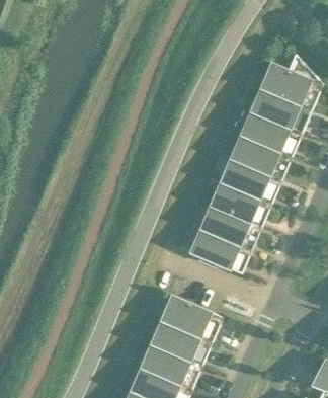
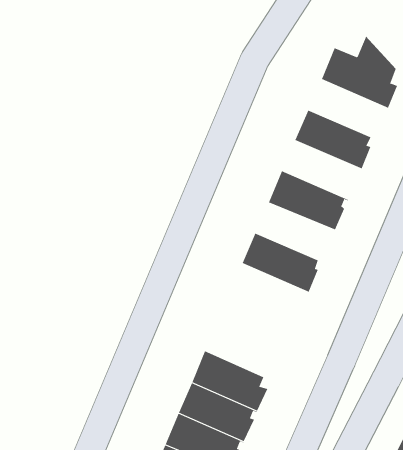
building: [249,87,311,133] -> none
building: [229,134,291,179] -> none
building: [209,181,270,227] -> none
building: [188,228,250,274] -> none

